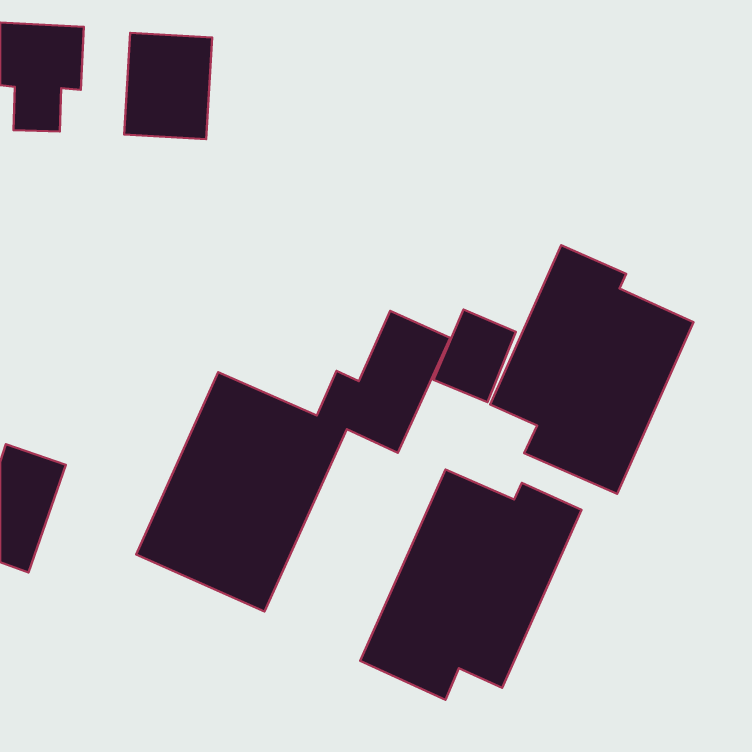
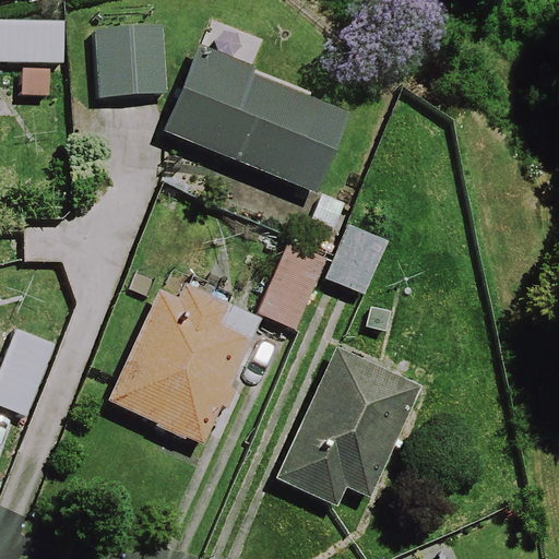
building: none -> [163,48,326,185]
building: [490,245,693,494] -> none

